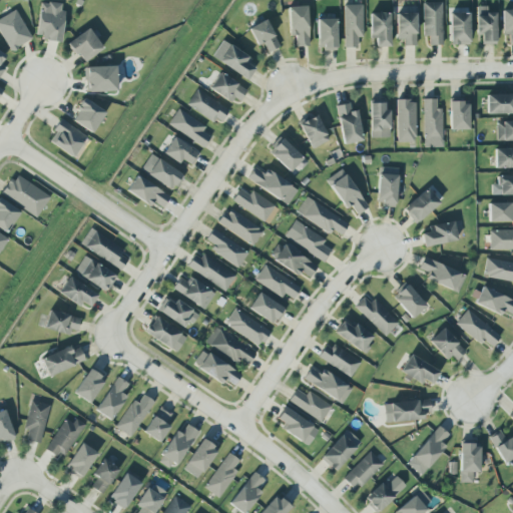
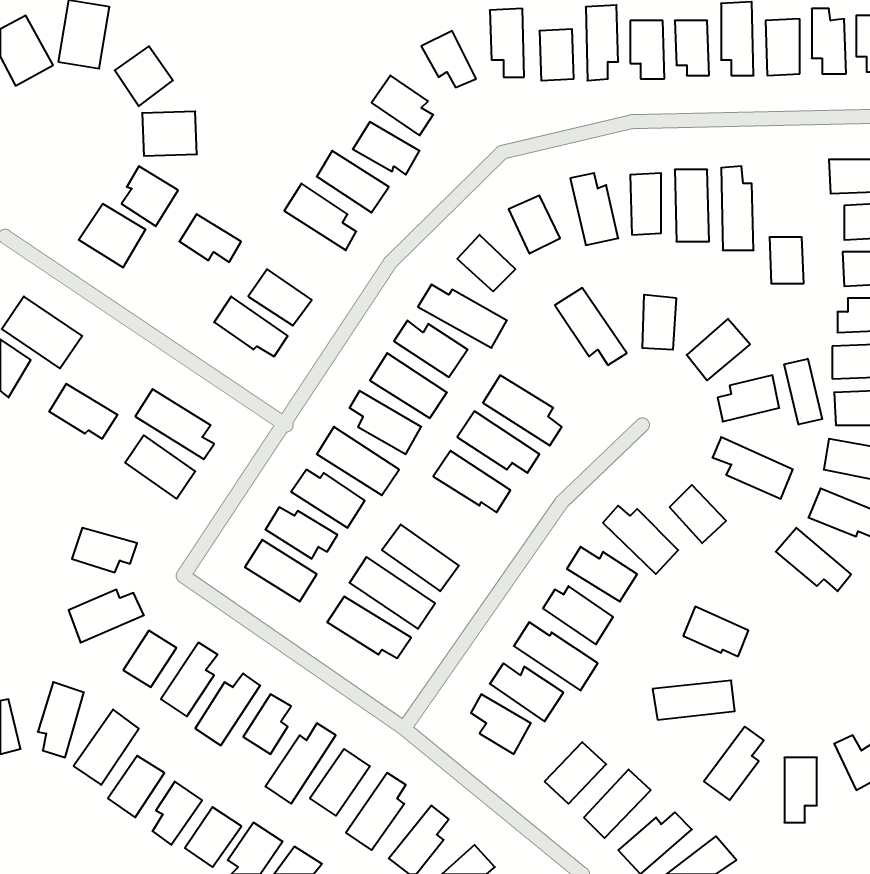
building: [451,101,471,128] -> [769,237,804,283]
building: [164,136,200,164] -> [179,214,241,262]
building: [298,195,350,235] -> none
building: none -> [784,359,822,425]
building: [60,276,100,308] -> [49,384,118,439]
building: [250,292,288,323] -> none
building: [432,327,467,363] -> none

